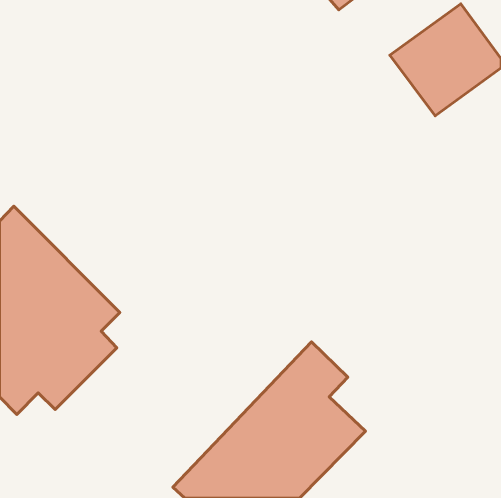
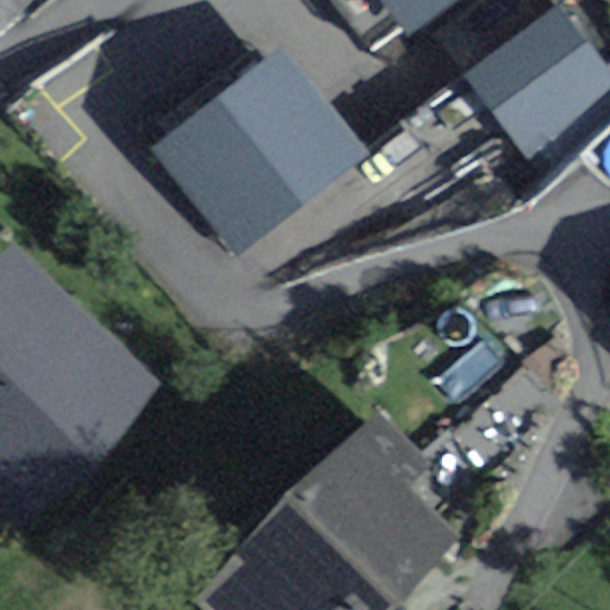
building: none -> [154,43,372,254]

